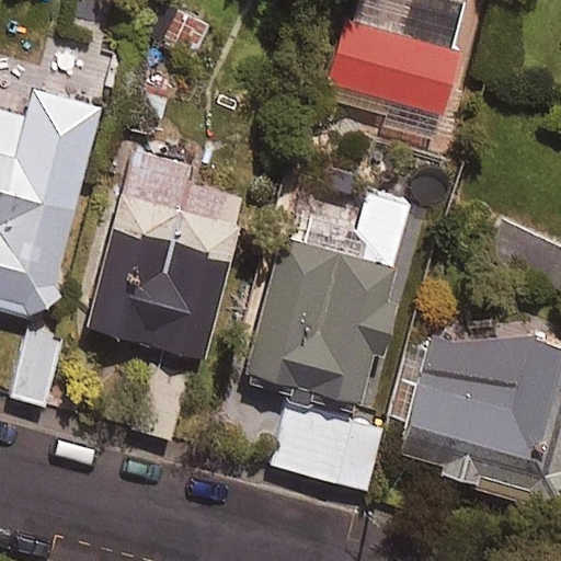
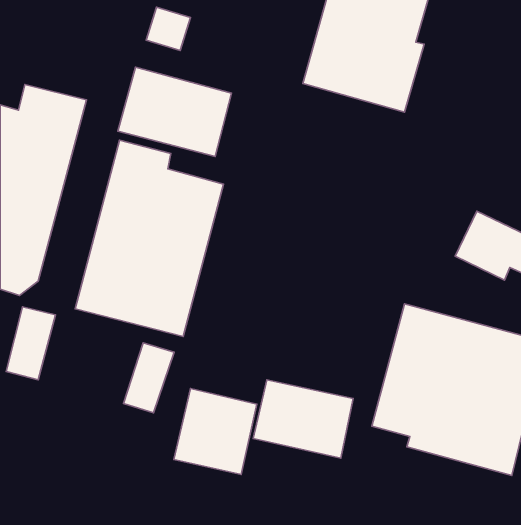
building: none -> [118,67,232,157]
building: [244,194,408,404] -> none
building: none -> [174,388,257,475]

